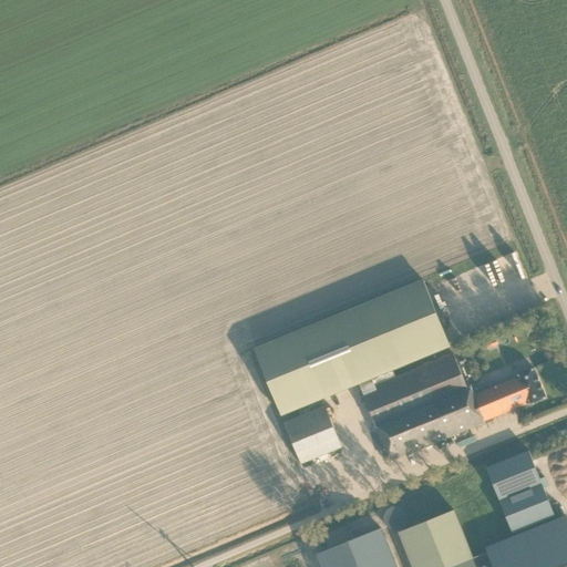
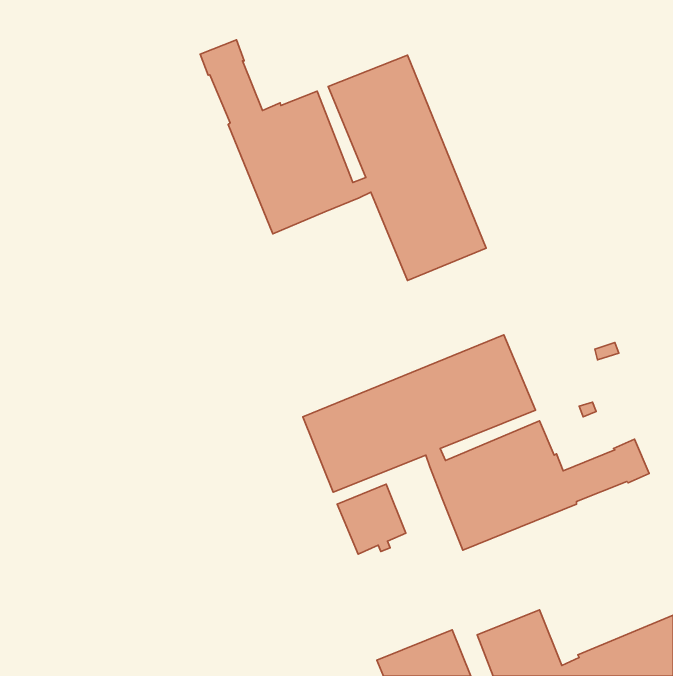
building: none -> [200,40,486,280]
building: [485,450,554,533] -> none

